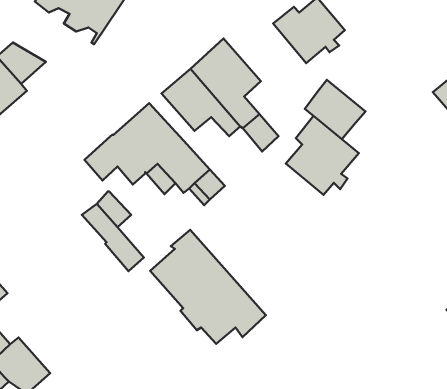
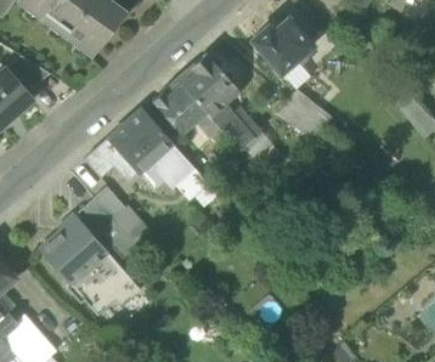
building: [286,116,359,195] -> none
building: [150,230,266,344] -> [40,214,142,315]

